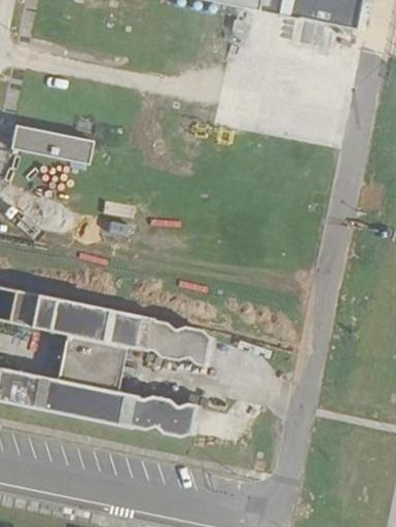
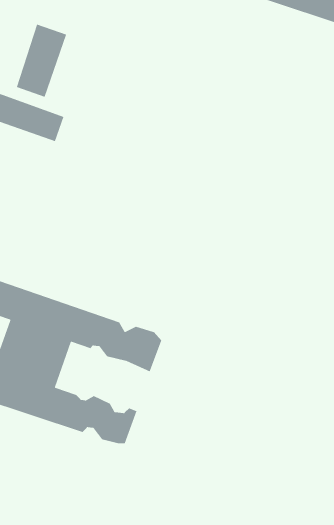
building: none -> [16,23,67,98]

